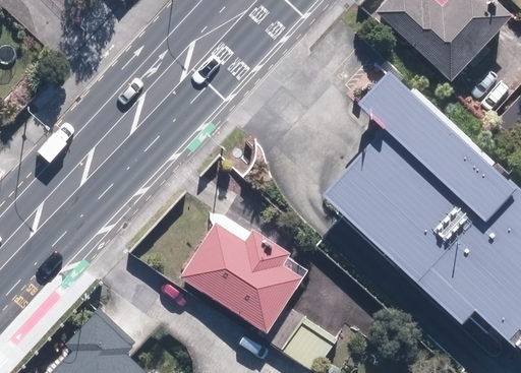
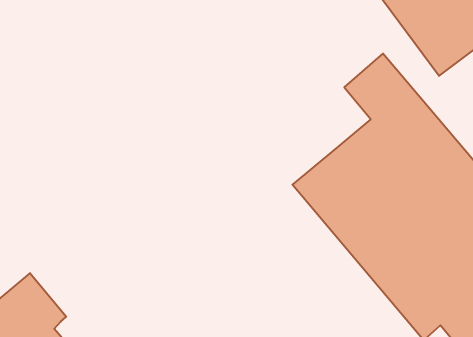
building: [179,214,304,333] -> none

